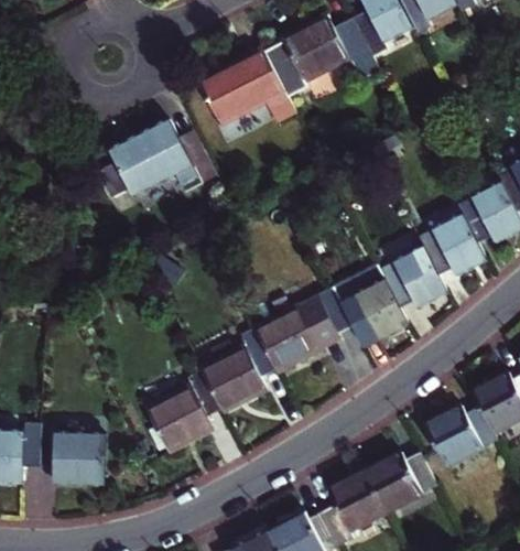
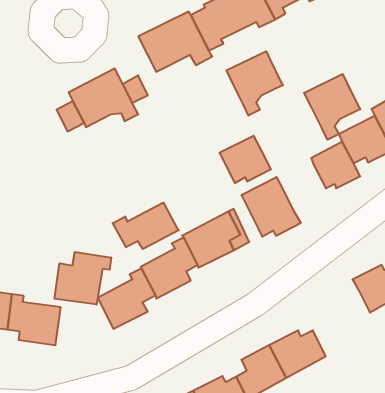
building: none -> [226,51,283,116]
building: none -> [304,74,360,140]
building: [380,242,446,303] -> [219,136,271,183]
building: none -> [113,203,179,249]
building: none -> [55,252,111,305]
building: [429,404,500,467] -> none

